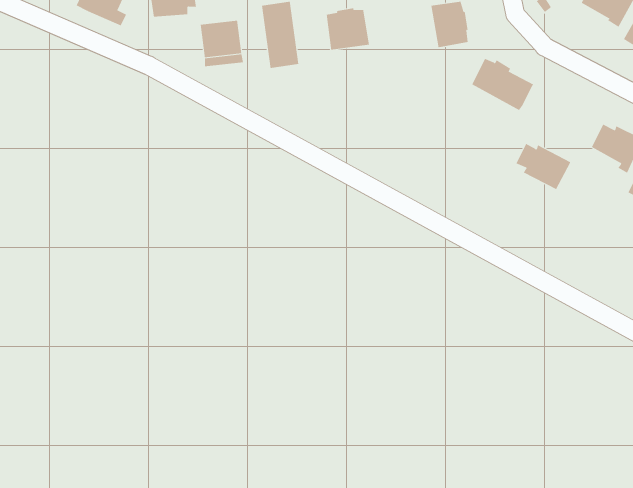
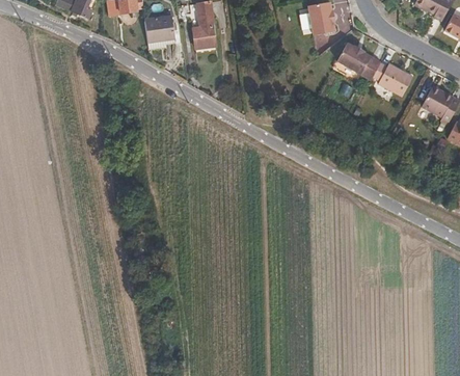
building: [326,8,369,51] -> none
building: [516,143,571,190] -> [374,62,413,96]

